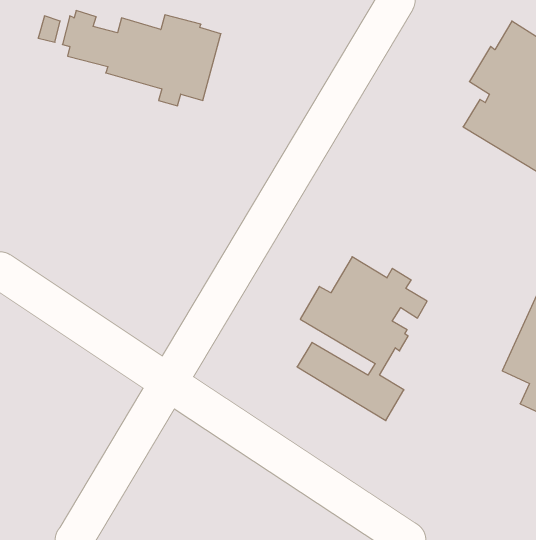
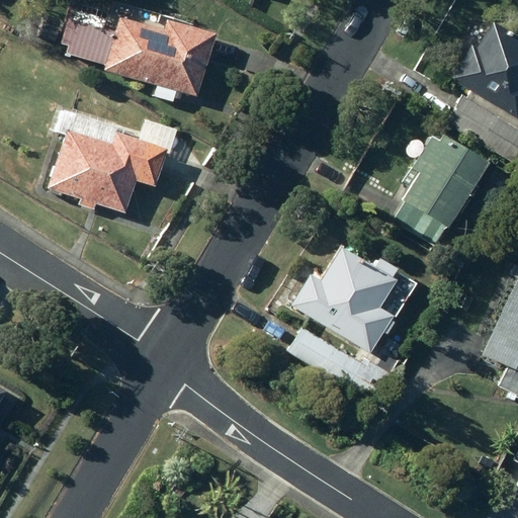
building: none -> [49,130,167,212]
building: none -> [394,136,490,246]

